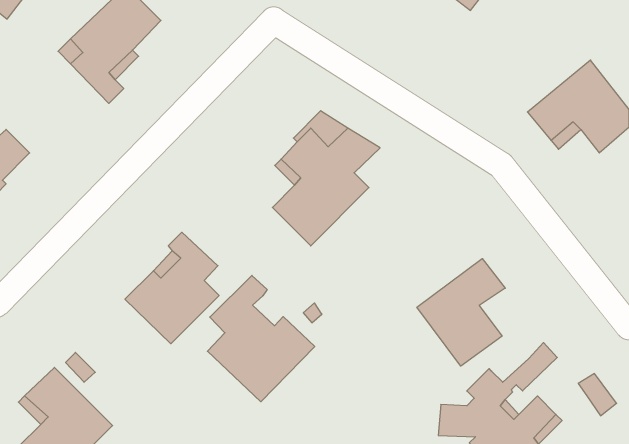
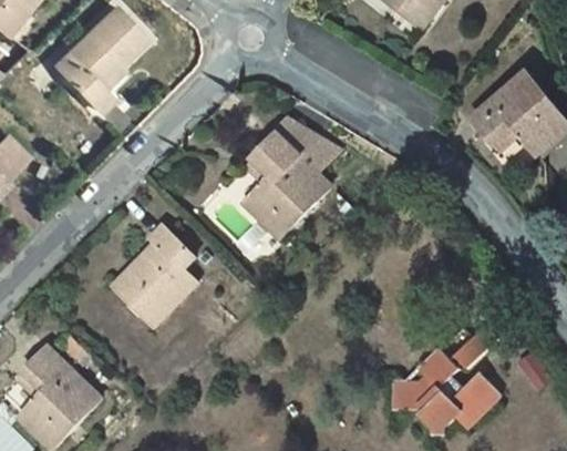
building: [417,259,505,366] -> none
building: [207,275,315,402] -> none

